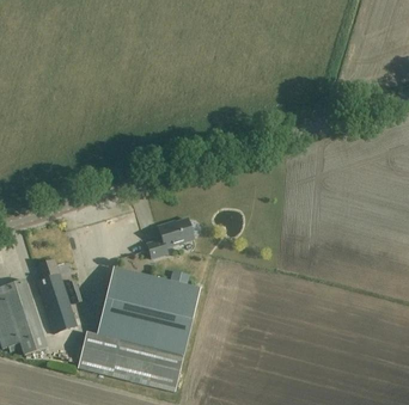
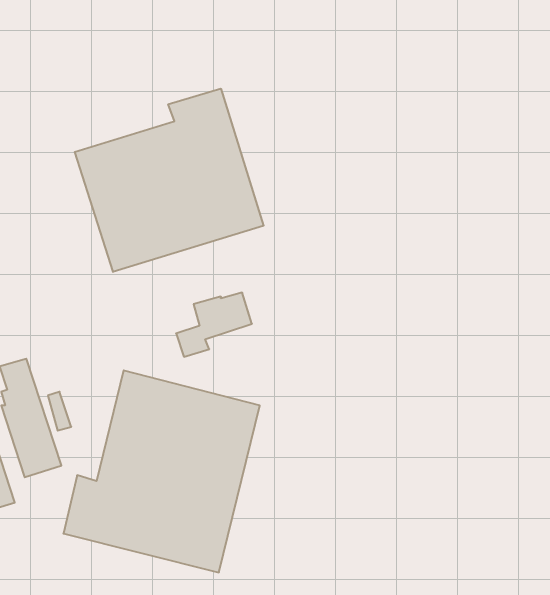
building: none -> [75,89,264,272]

